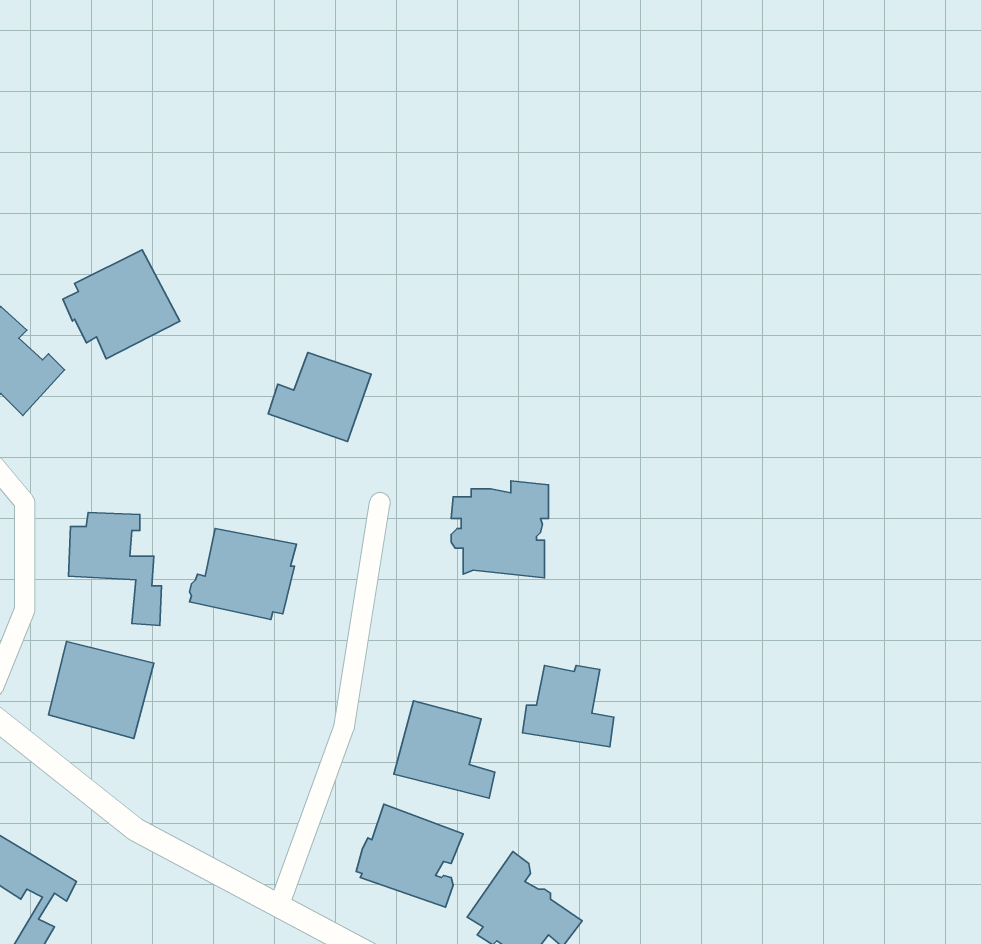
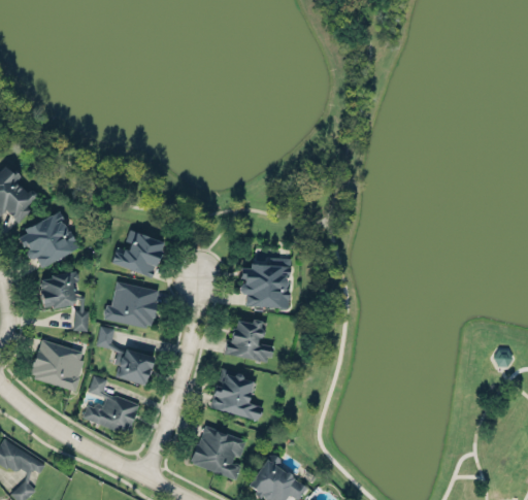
building: [63,250,180,359] -> [18,212,78,269]
building: [268,352,371,442] -> [110,232,164,278]
building: none -> [97,326,154,384]
building: [523,666,614,747] -> [224,321,271,363]
building: none -> [84,374,139,434]

